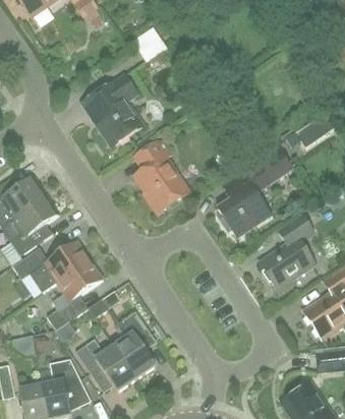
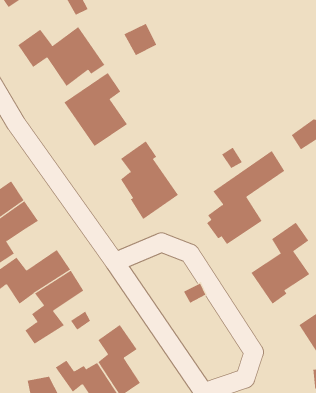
building: none -> [17,26,105,87]

